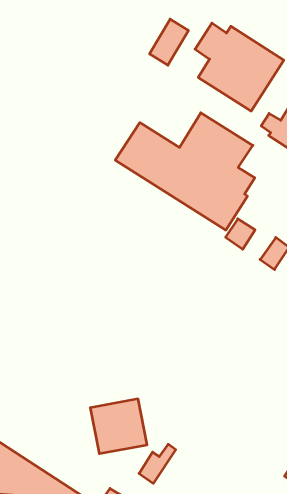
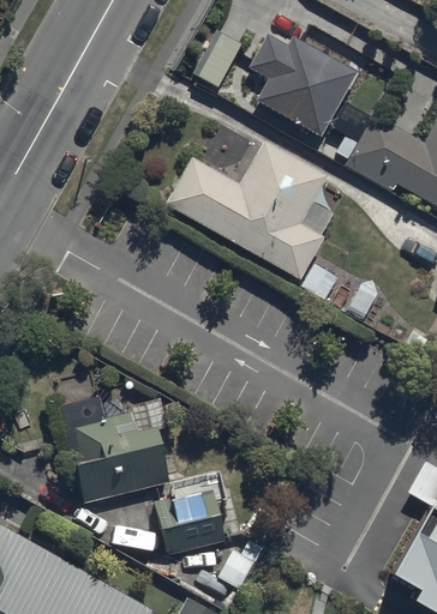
building: none -> [64,398,170,502]

